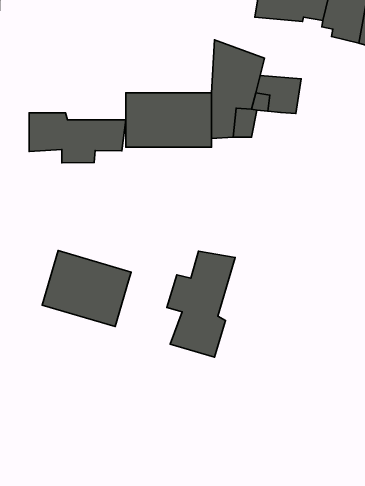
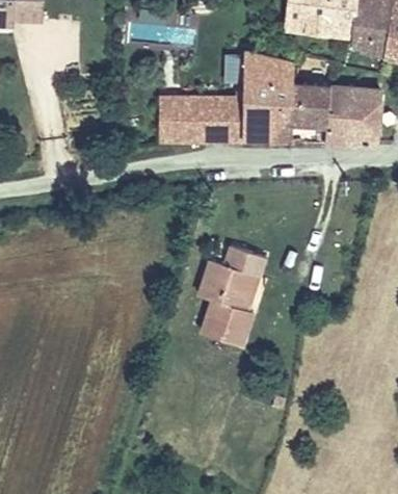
building: none -> [320,82,377,137]
building: [29,113,126,163] -> none
building: [42,251,131,327] -> none

